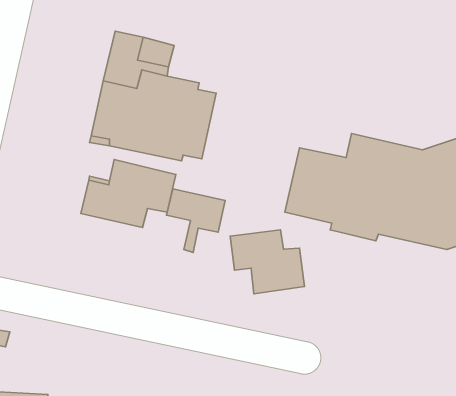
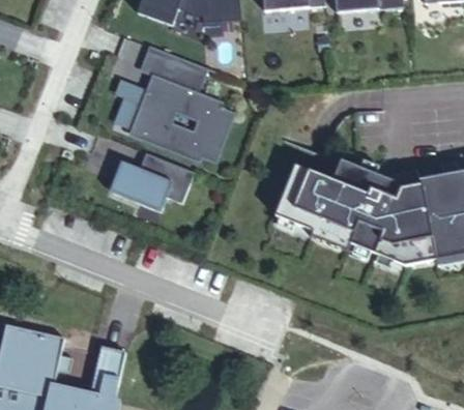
building: [166,189,225,253] -> none
building: [230,230,304,294] -> none

